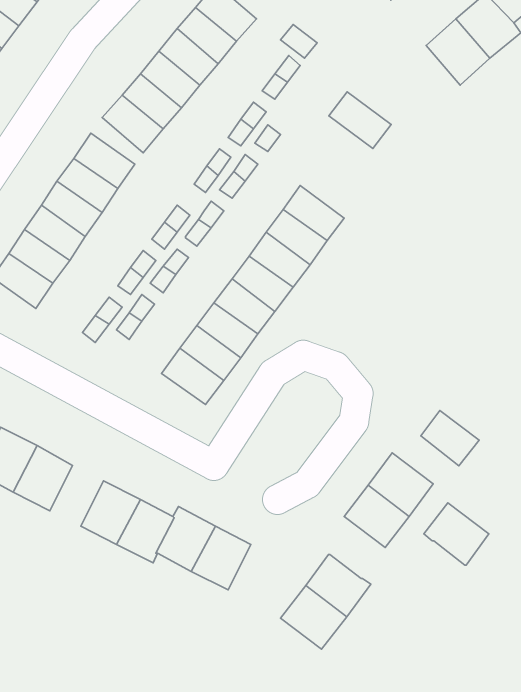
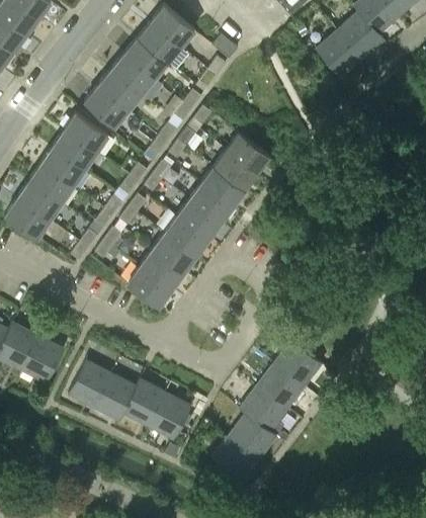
building: [329,92,391,148] -> [227,132,271,172]
building: [421,410,479,466] -> none
building: [424,503,489,565] -> [241,385,287,430]

